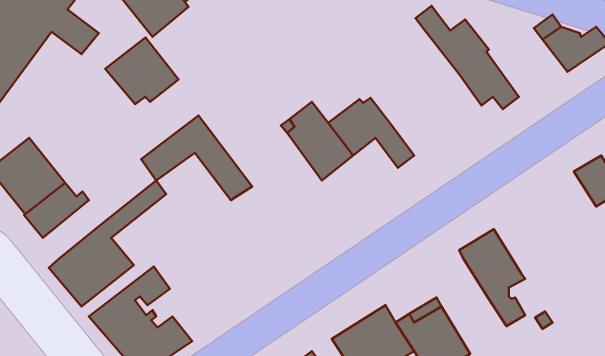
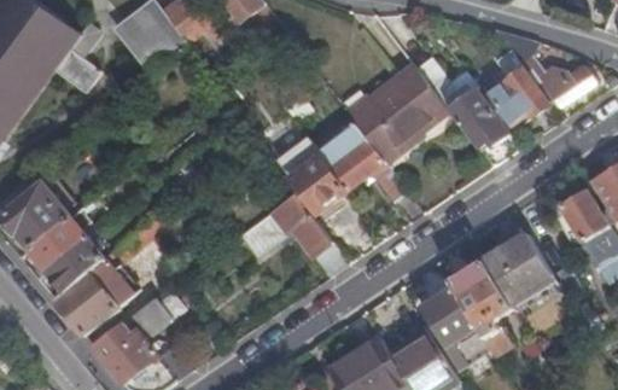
building: none -> [350,68,449,161]
building: none -> [488,69,547,123]
building: [105,38,179,104] -> none
building: [141,115,252,200] -> [240,194,348,277]
building: none -> [46,233,101,290]
building: none -> [483,233,554,304]
building: none -> [421,289,477,354]

